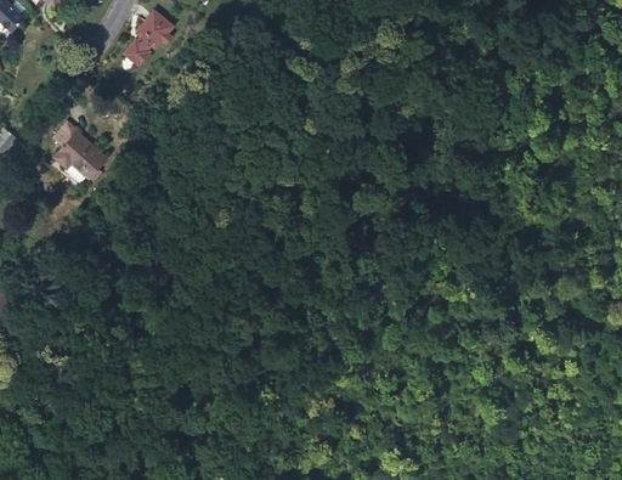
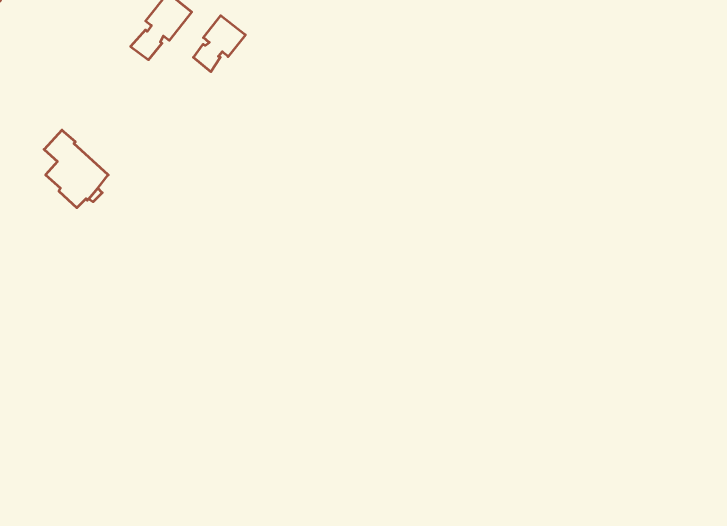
building: none -> [193,16,245,72]

